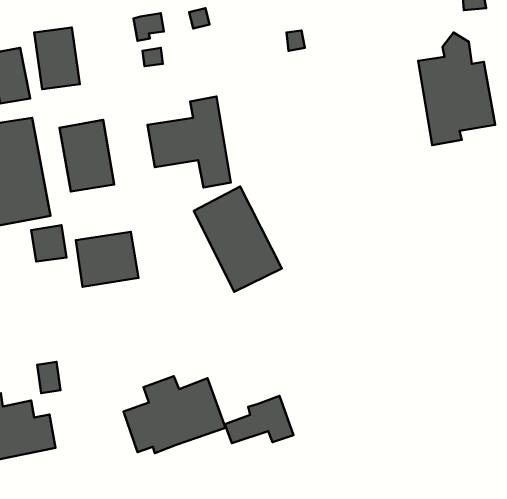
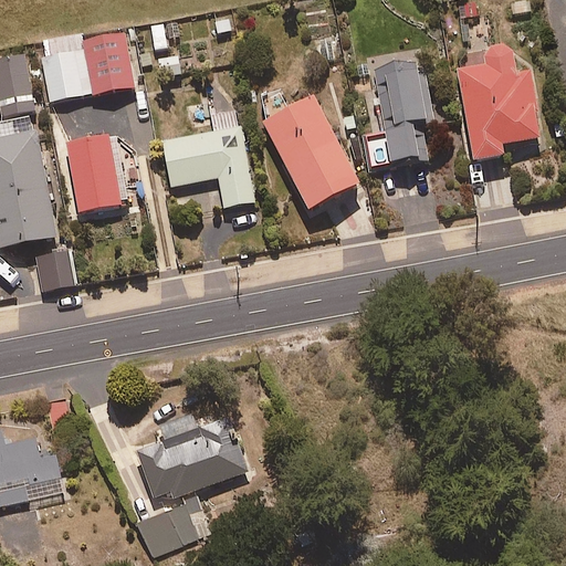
building: none -> [81,33,133,94]
building: none -> [371,63,428,168]
building: [194,186,282,292] -> [265,97,361,212]
building: [76,232,138,287] -> none
building: [225,396,294,443] -> [134,488,209,539]

